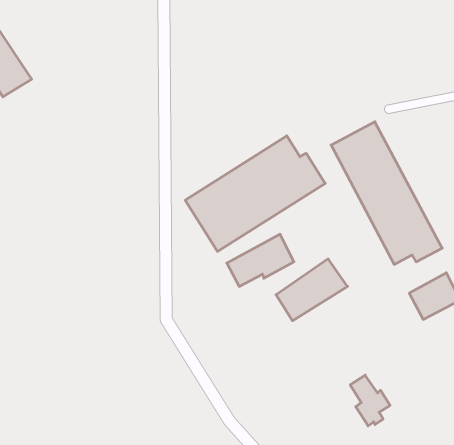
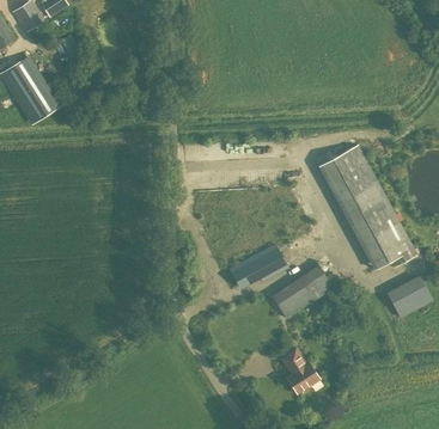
building: [185,136,325,251] -> none
building: [350,375,390,426] -> [280,349,315,393]

